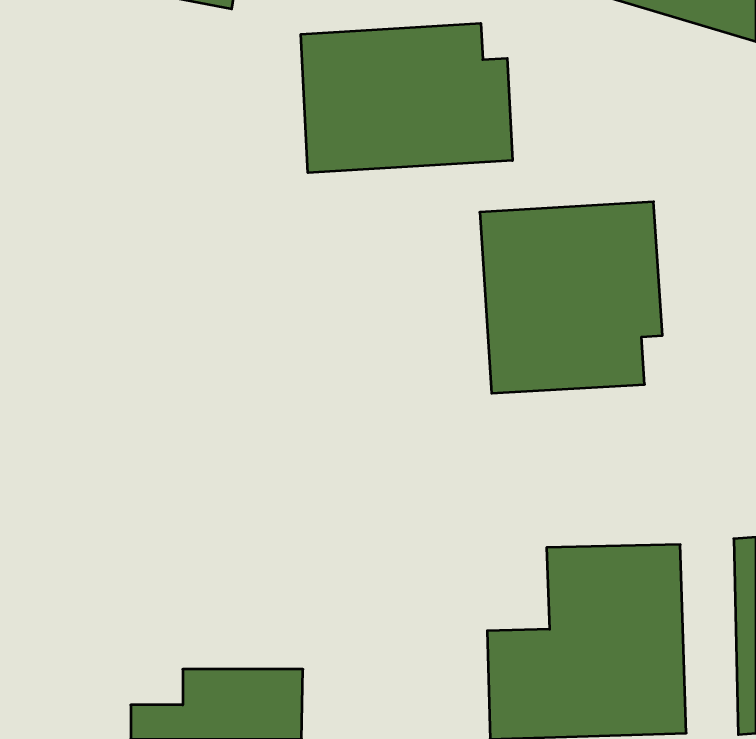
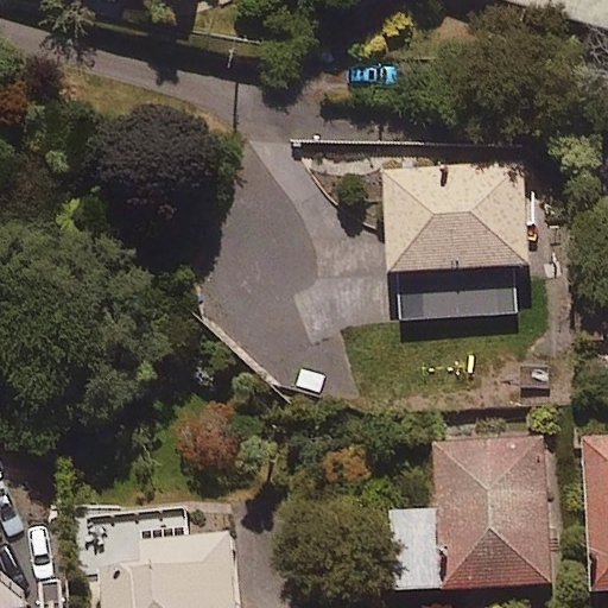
building: [301,23,512,173] -> none

